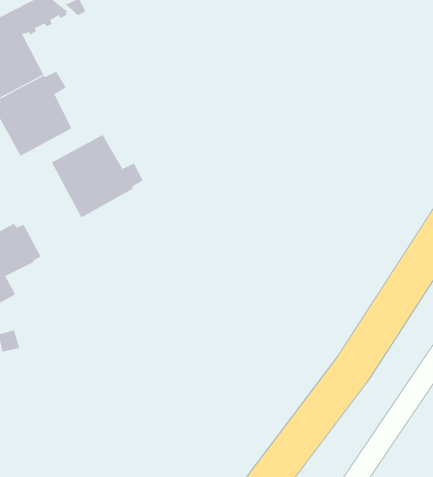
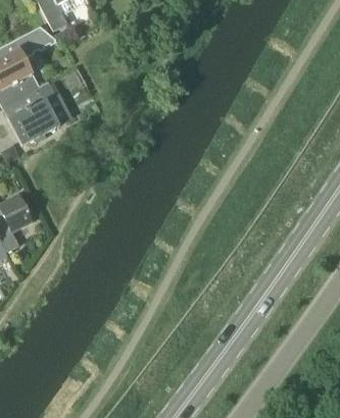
building: [51,134,143,218] -> none

